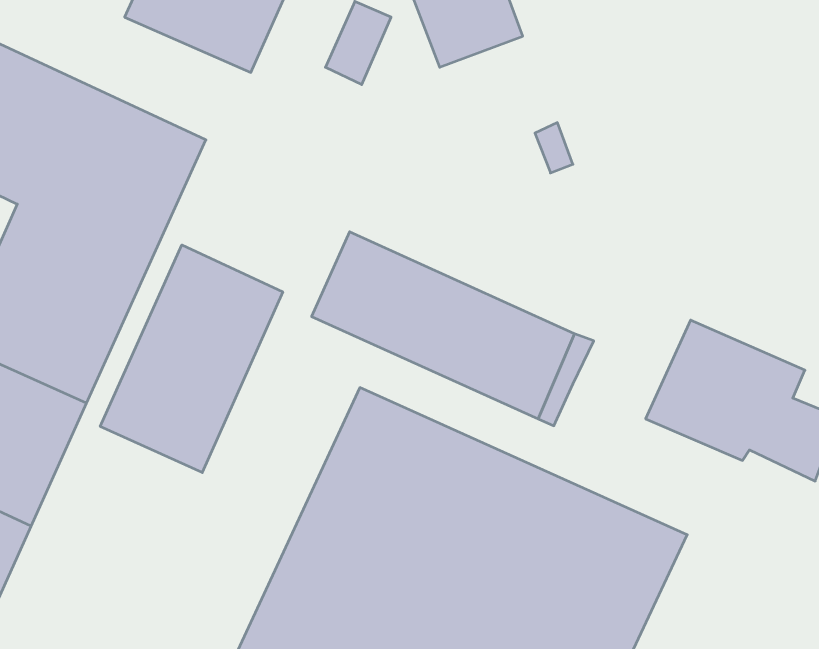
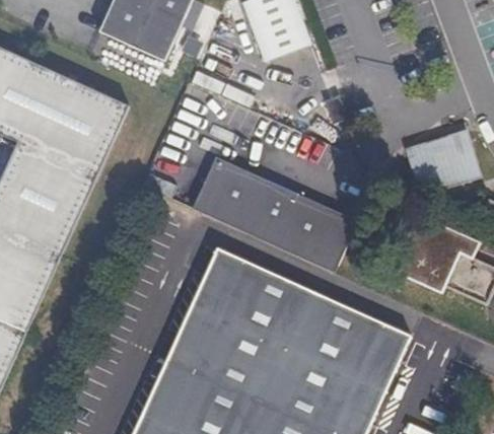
building: none -> [407,133,479,195]
building: [100,245,283,473] -> none

